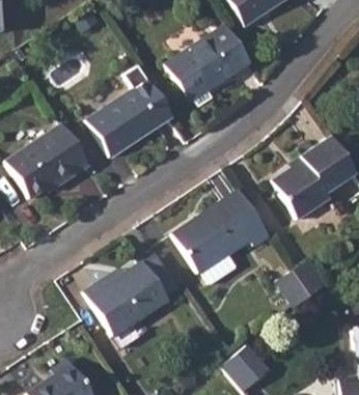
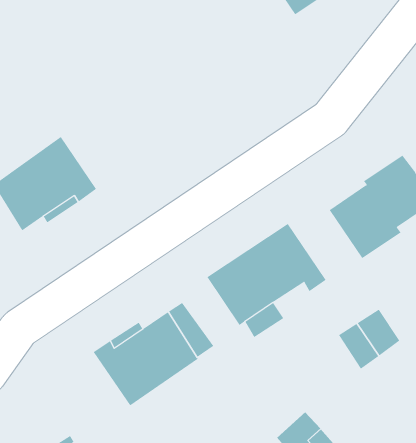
building: [165,25,249,103] -> none
building: [85,65,170,157] -> none

